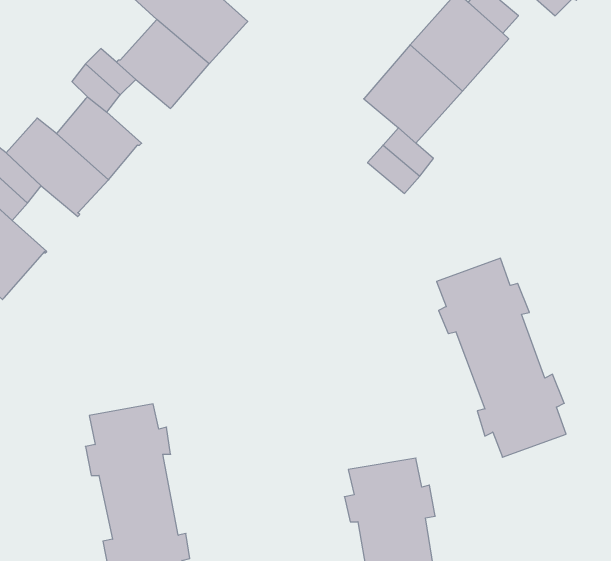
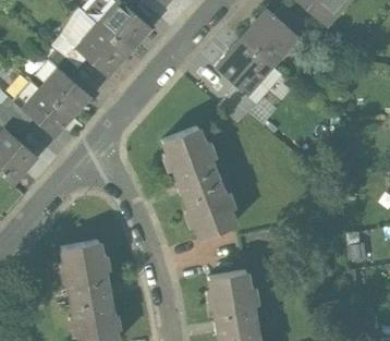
building: [437,258,566,457] -> [160,127,233,240]

